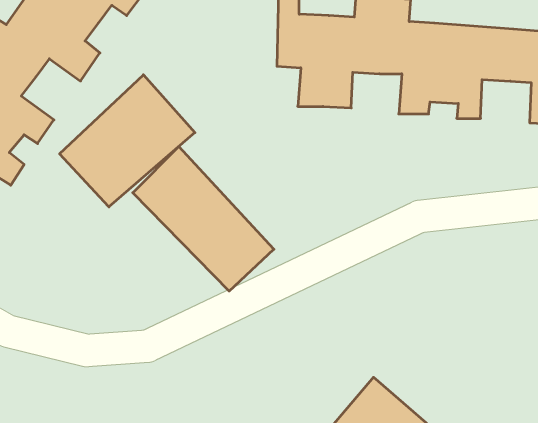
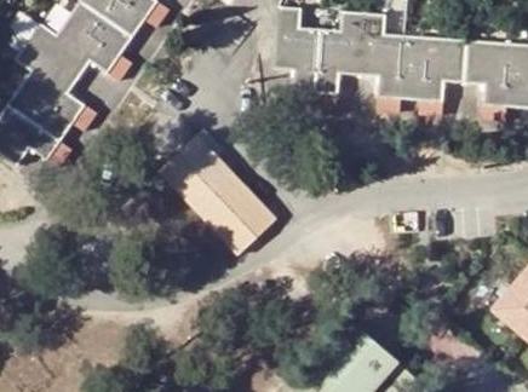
building: [60,75,195,207] -> none

